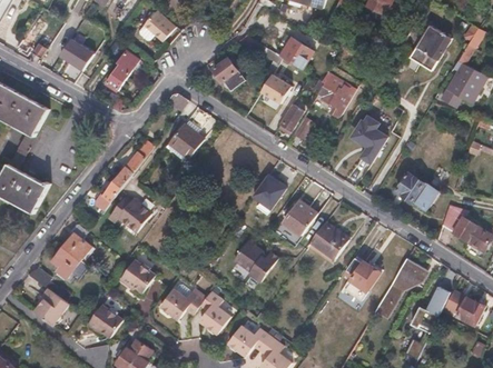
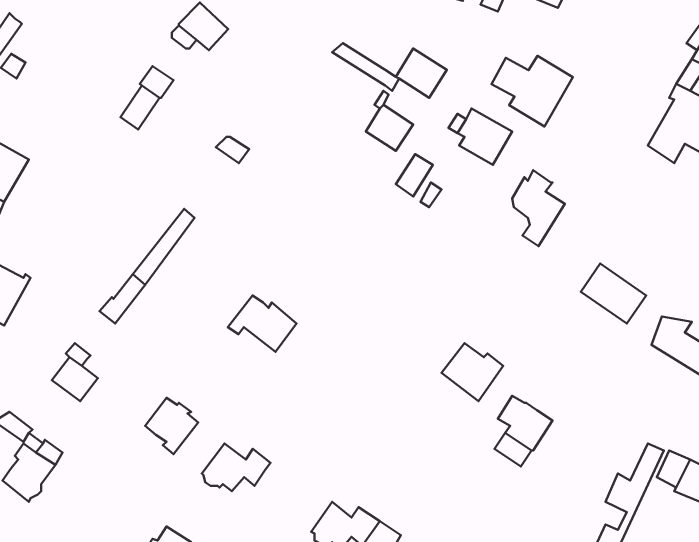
building: [401,26,452,70] -> [492,56,573,126]
building: [61,37,96,70] -> none
building: [215,57,246,92] -> none
building: [168,123,204,159] -> none
building: [252,175,286,215] -> none
building: [108,197,151,232] -> [228,295,297,352]
building: [283,199,317,236] -> none
building: [235,239,277,278] -> none
building: [52,247,81,278] -> none
building: [381,259,425,307] -> none
building: [198,289,230,331] -> none
building: [86,304,122,338] -> none

